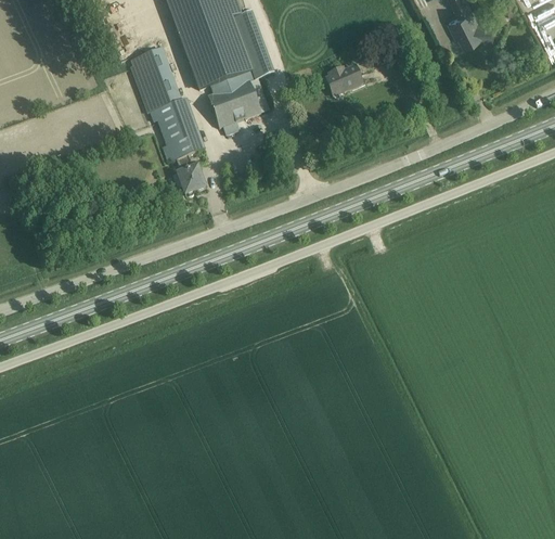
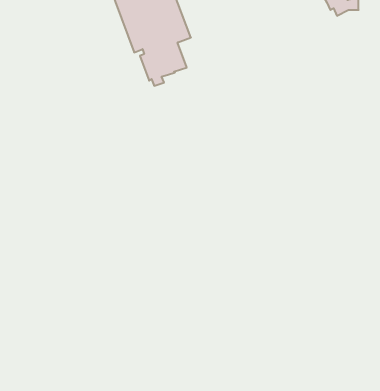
building: [131,48,205,193] -> none
building: [326,67,362,94] -> none

